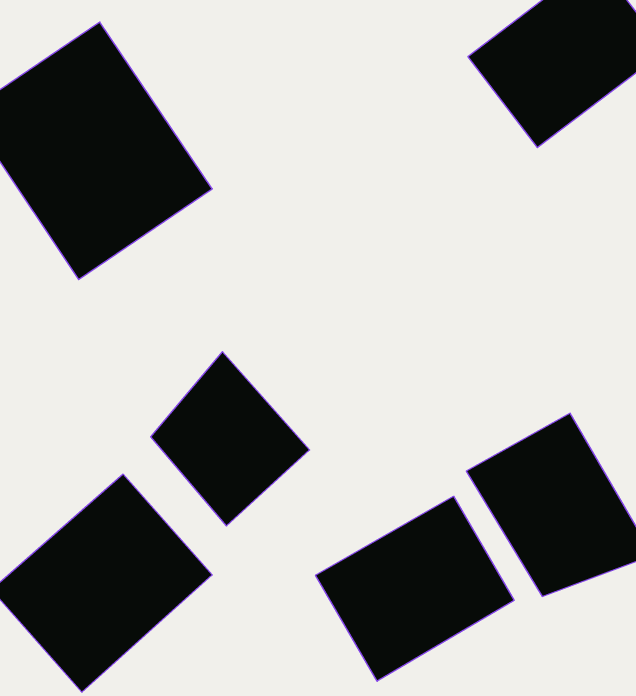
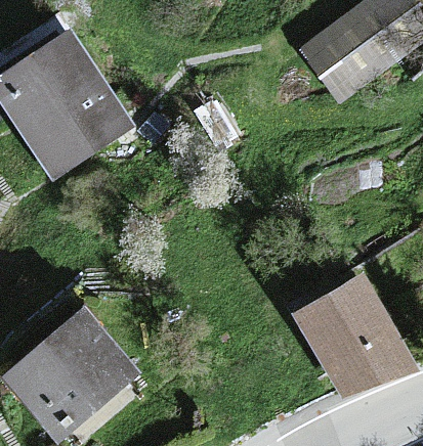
building: [151,352,310,526] -> none
building: [316,496,514,681] -> none

